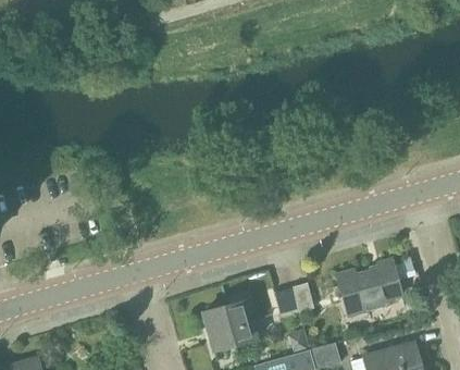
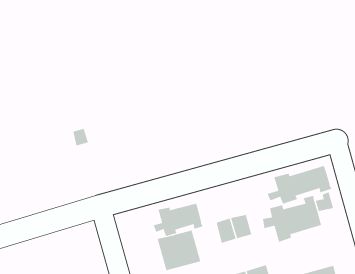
building: none -> [267,165,332,204]
building: none -> [153,203,203,237]

